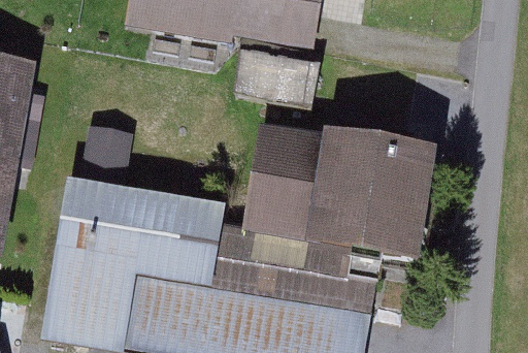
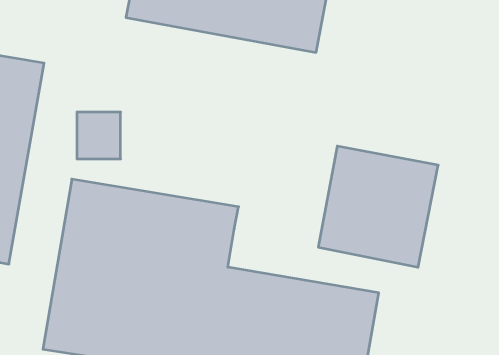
building: [228,131,328,247] -> none

